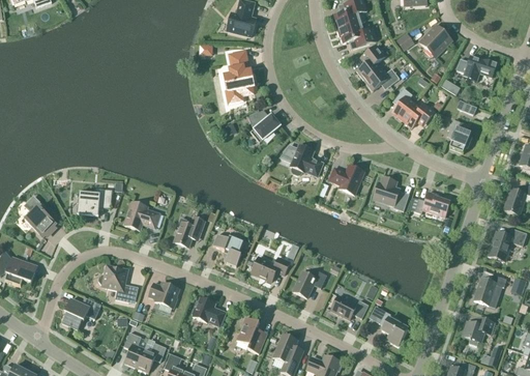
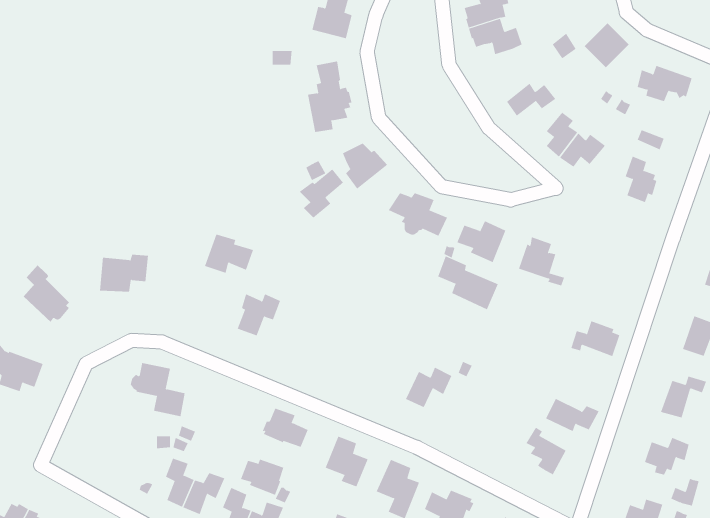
building: [356,45,385,81] -> none
building: none -> [299,169,344,219]
building: none -> [437,256,499,310]
building: [414,192,449,218] -> [570,320,620,357]
building: [124,202,159,230] -> [204,234,254,273]
building: [212,234,243,266] -> none
building: [252,257,290,281] -> none
building: [148,282,179,308] -> [240,459,284,495]
building: [330,295,369,319] -> [545,398,599,432]
building: [62,297,101,329] -> none

